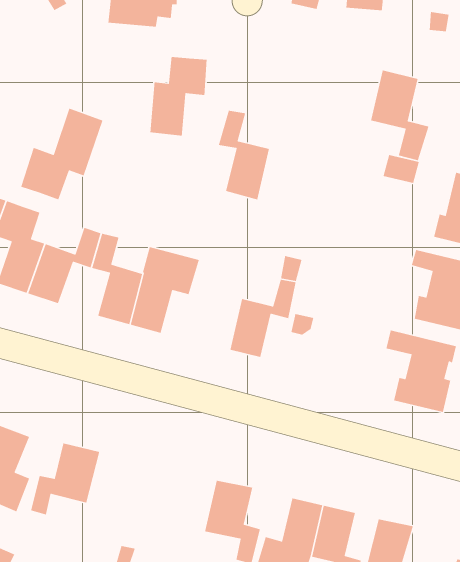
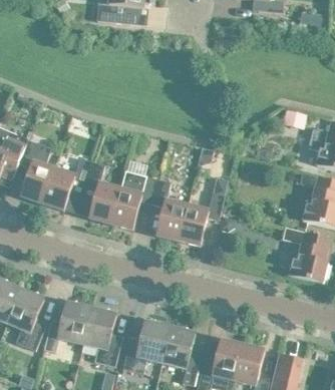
building: [150,56,207,136] -> none
building: [370,69,429,161] -> none
building: [20,108,104,201] -> none
building: [218,110,270,200] -> [150,179,186,241]
building: none -> [81,309,119,366]
building: none -> [121,322,169,373]

